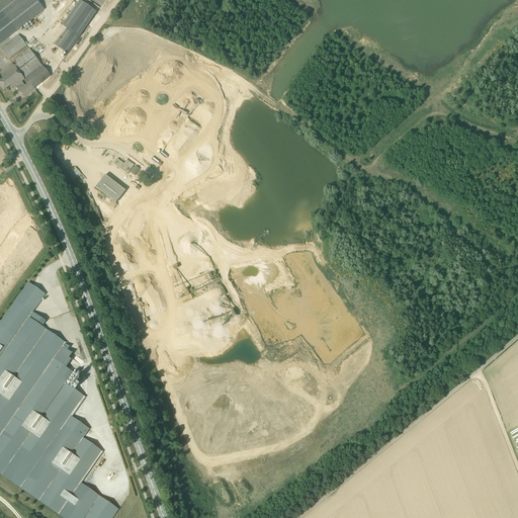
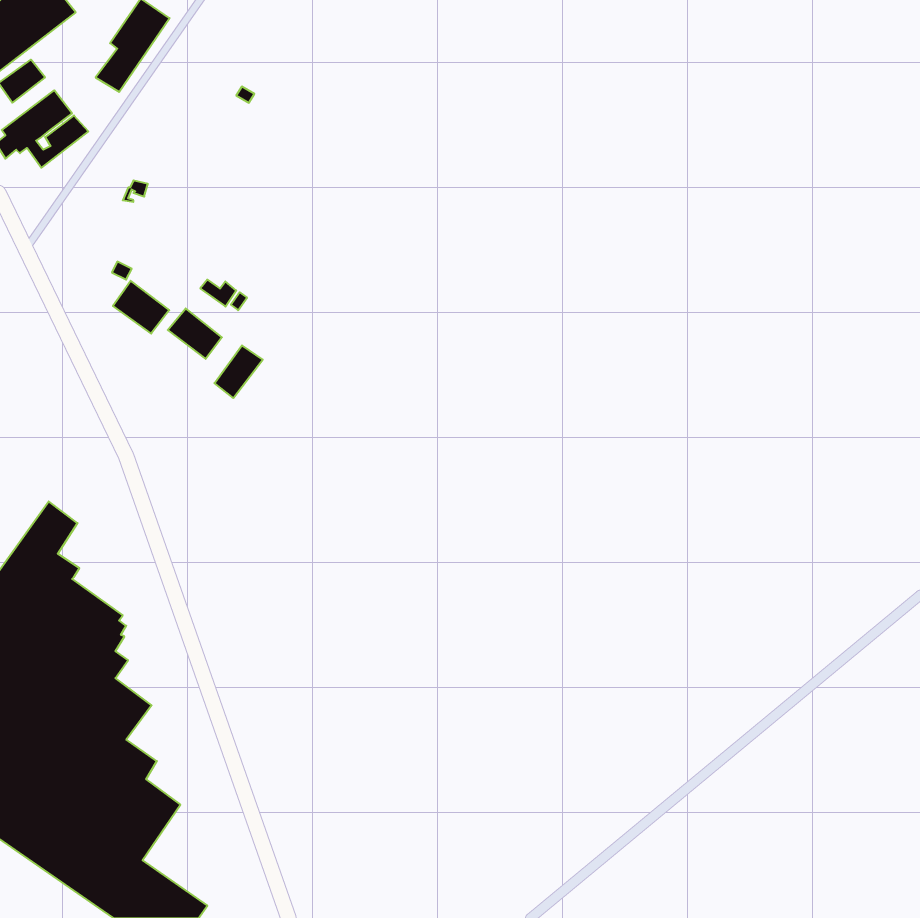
building: none -> [113,281,169,334]
building: none -> [214,345,263,398]

